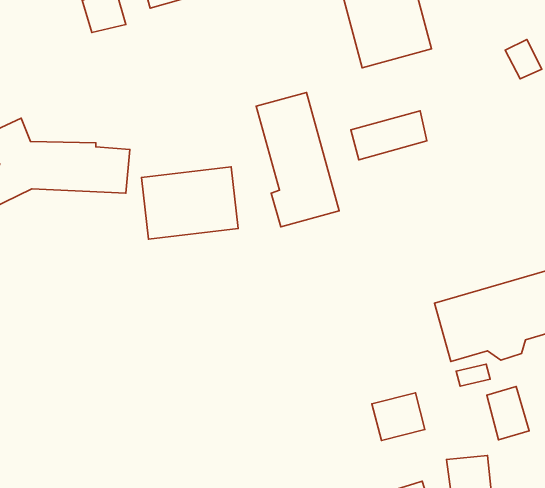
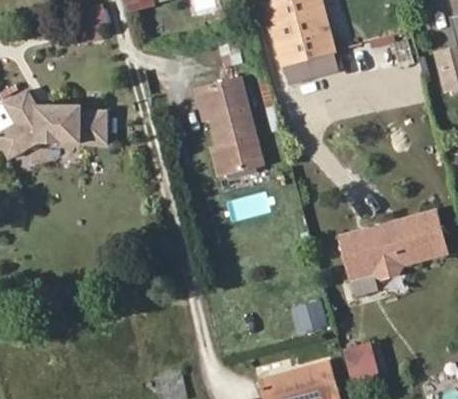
building: [351,111,427,160] -> [283,46,339,82]
building: [142,167,238,239] -> none
building: [487,386,529,440] -> none

